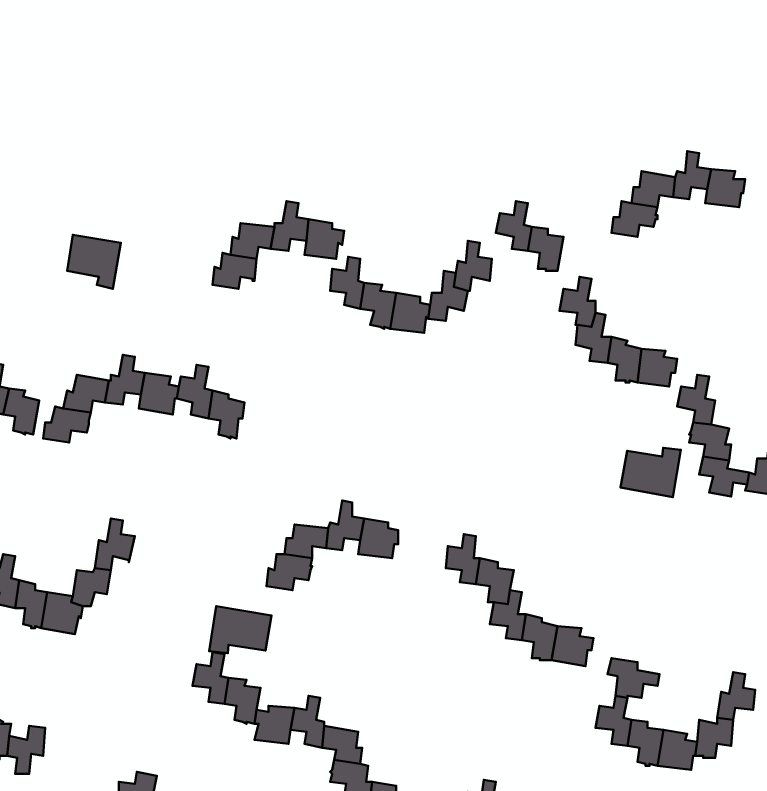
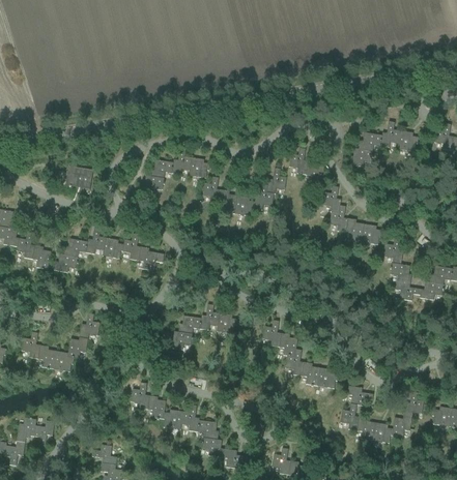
building: [620,448,681,497] -> none
building: [209,606,271,653] -> none

